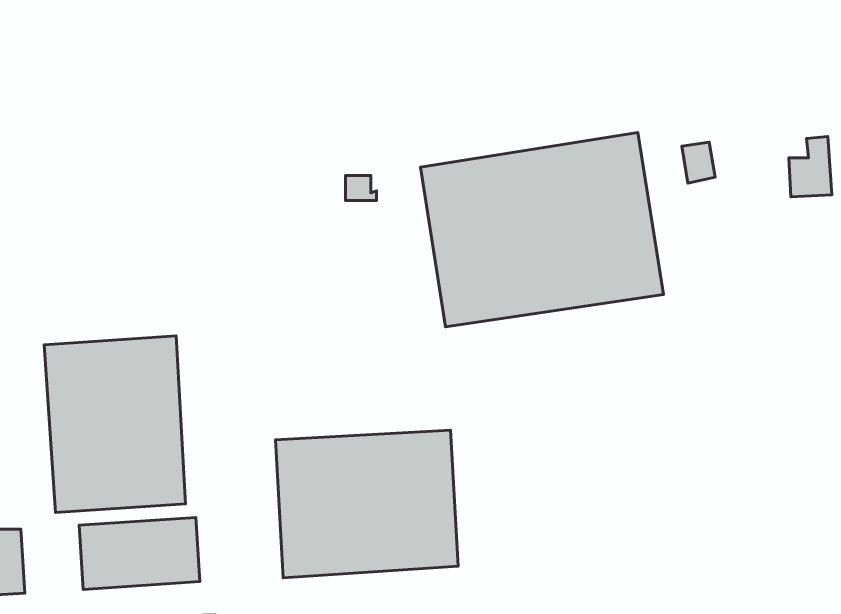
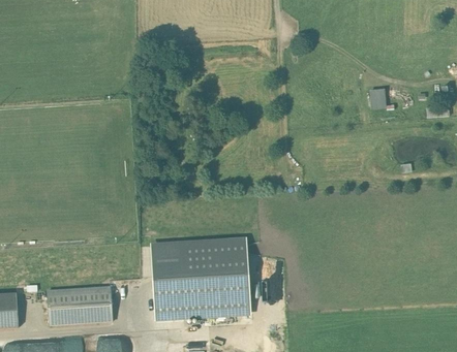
building: [420,133,663,327] -> none
building: [44,336,185,512] -> none

